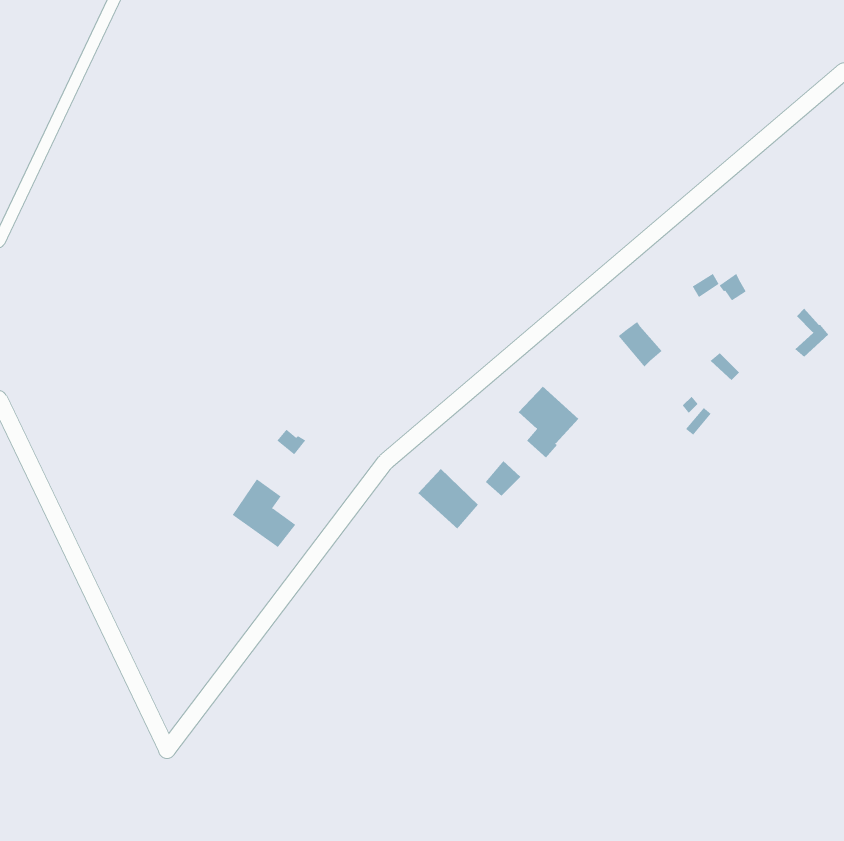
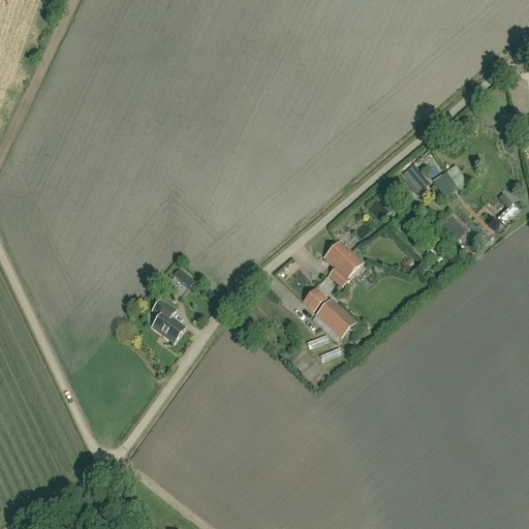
building: [618,321,662,367] -> [401,163,429,192]
building: [418,468,479,530] -> [316,299,354,337]

